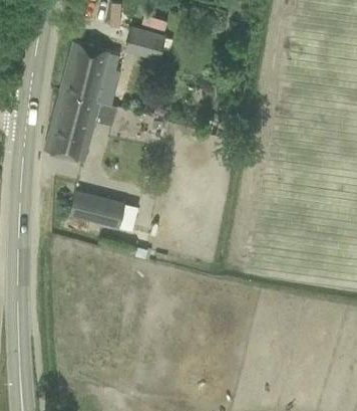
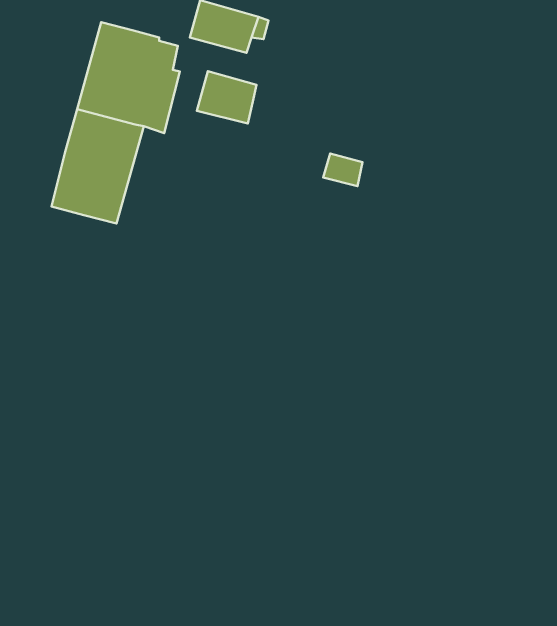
building: none -> [197,71,257,124]
building: [68,191,123,228] -> none

